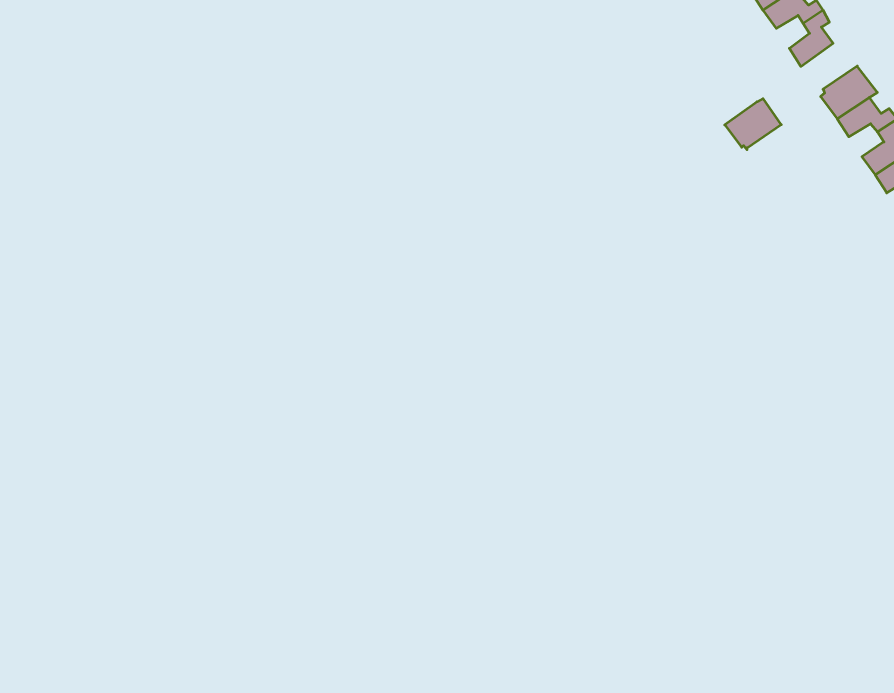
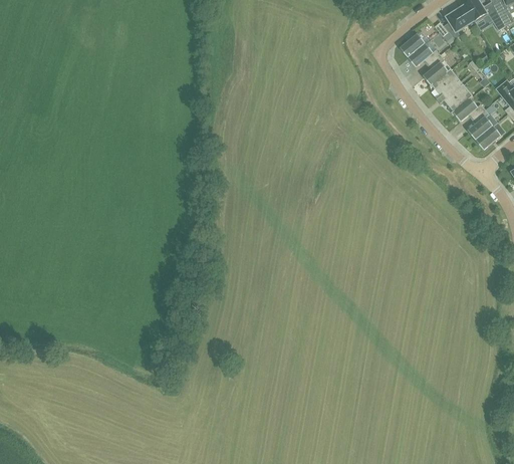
building: [725,99,781,150] -> [431,68,461,96]

